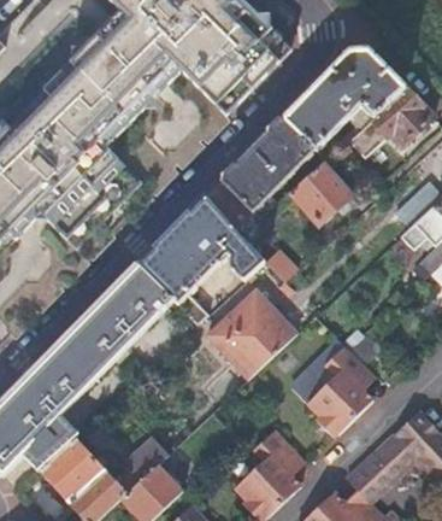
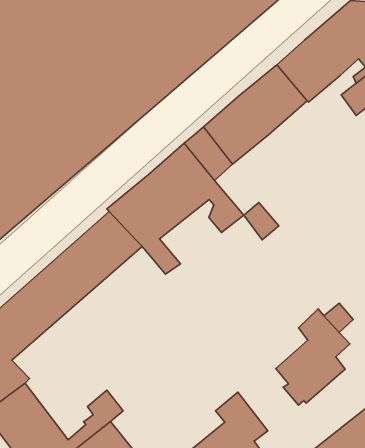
building: [289,163,349,224] -> none
building: [206,288,296,379] -> none

